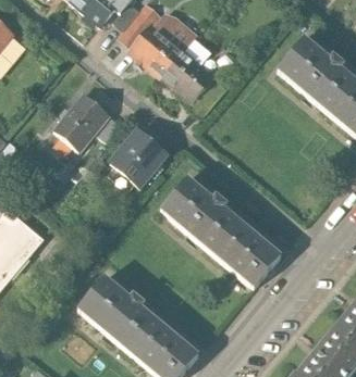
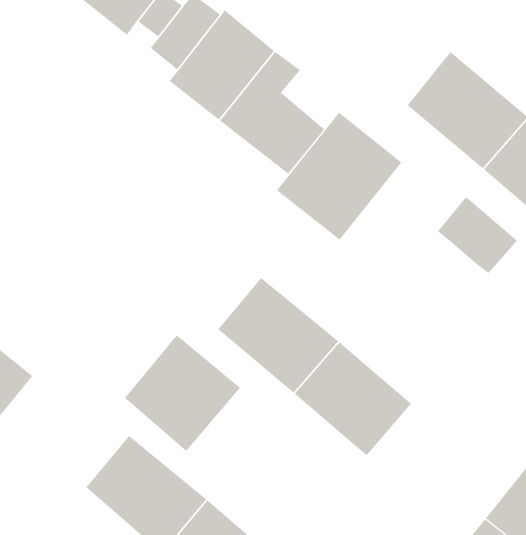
building: none -> [276,112,402,241]
building: [53,92,113,153] -> none
building: none -> [437,196,518,274]
building: [110,129,171,190] -> none
building: none -> [124,334,241,452]

